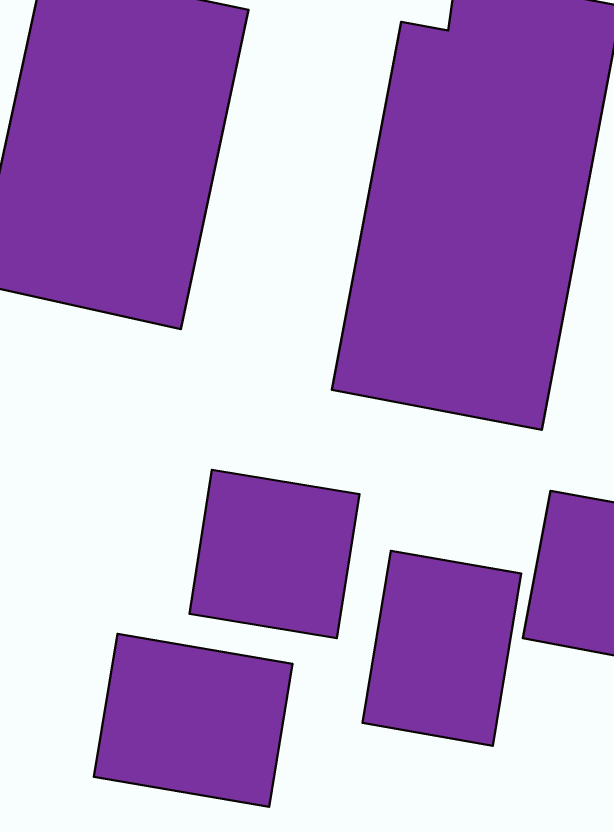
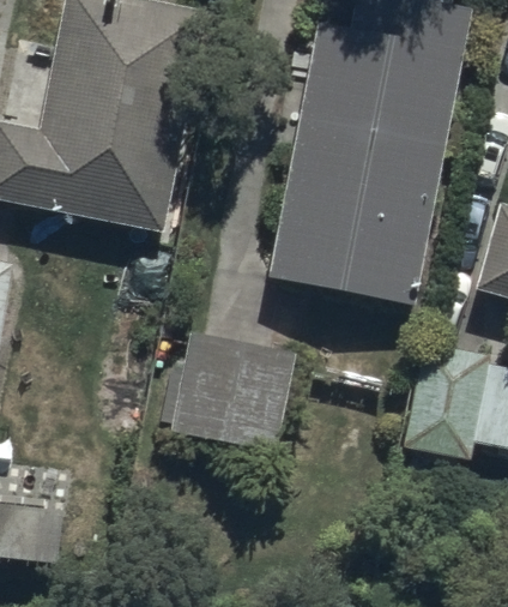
building: [363,551,521,746] -> none
building: [94,634,293,807] -> none

